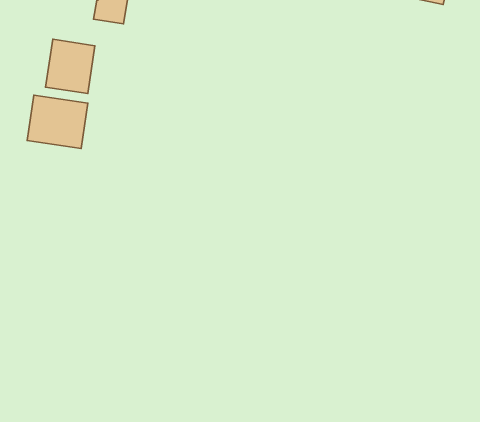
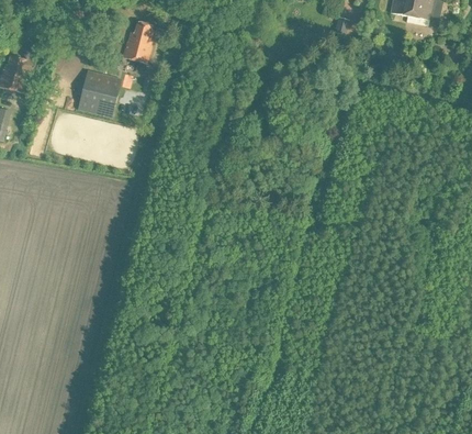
building: [27,95,88,148] -> none

